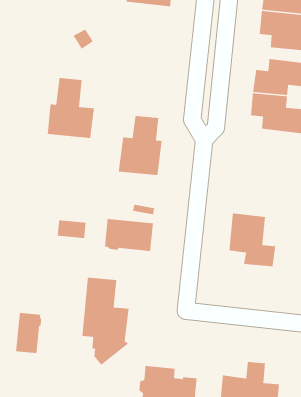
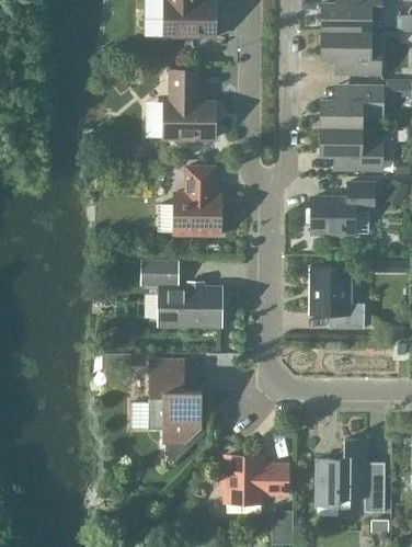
building: [47,77,95,139] -> [163,70,216,138]
building: none -> [310,182,374,237]
building: [57,219,86,239] -> [144,263,176,283]
building: [15,312,42,354] -> none

